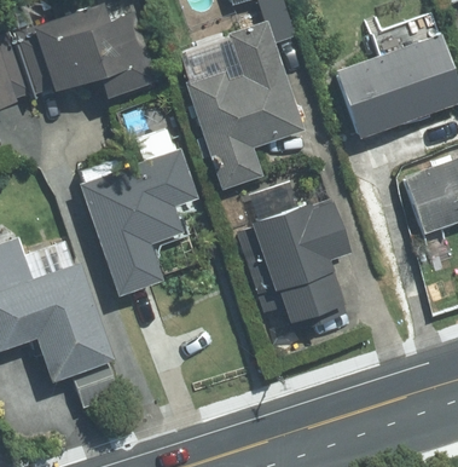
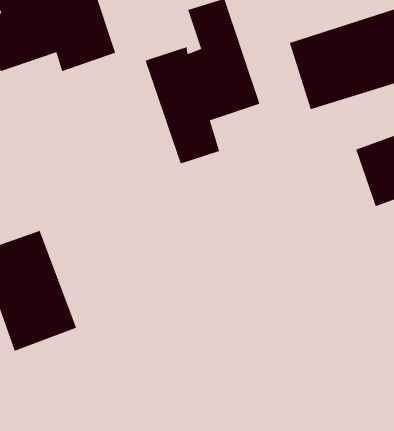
building: [77,126,203,296] -> none
building: [236,198,347,323] -> none

